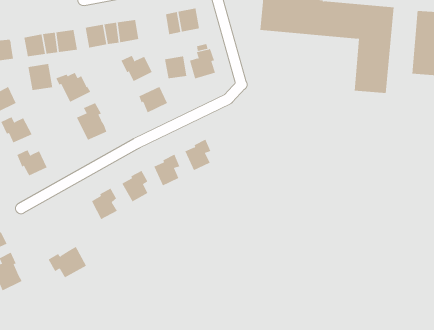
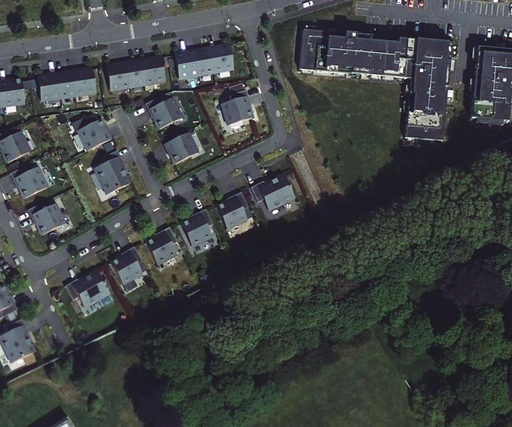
building: [164,56,187,79] -> [173,52,199,78]
building: [28,63,53,91] -> none
building: none -> [250,175,294,210]
building: [48,246,87,278] -> [65,271,109,307]

